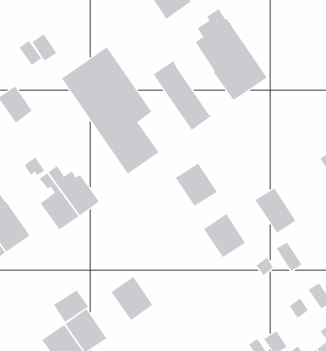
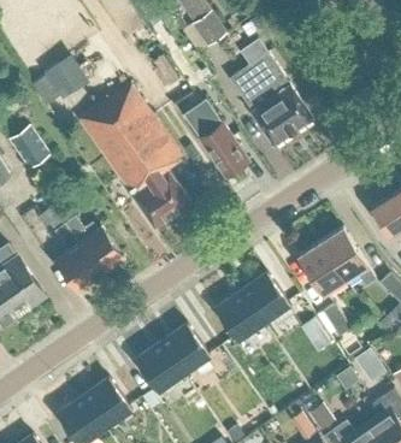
building: [175,163,218,207] -> [214,289,263,338]
building: none -> [322,226,368,279]
building: none -> [163,324,211,374]
building: [53,289,89,323] -> none

